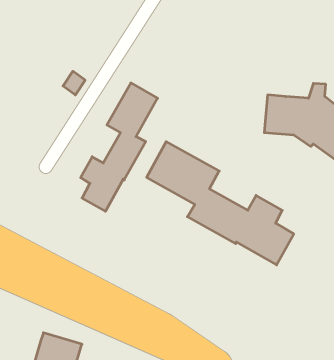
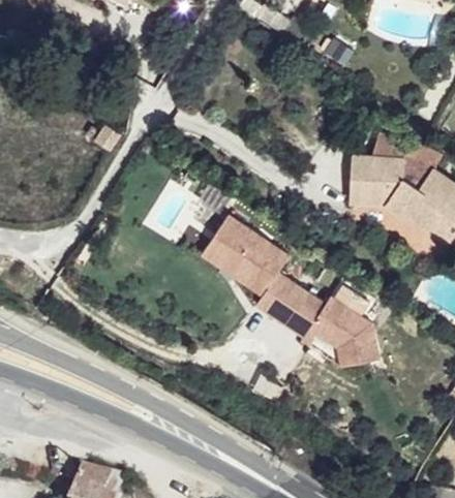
building: [81,83,158,211] -> none

